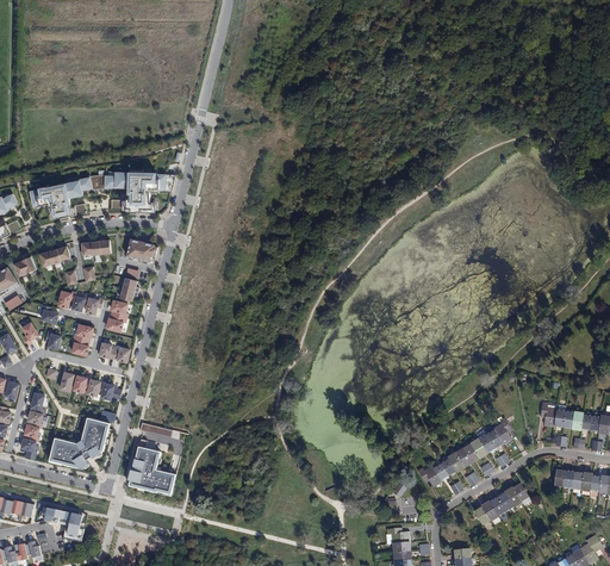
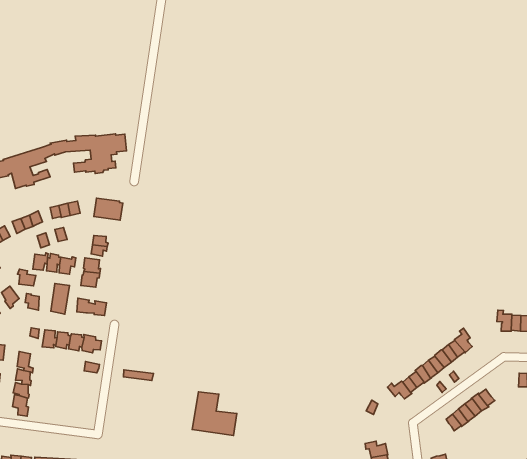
building: [46,416,107,468] -> none
building: [126,446,175,496] -> [192,392,237,435]

